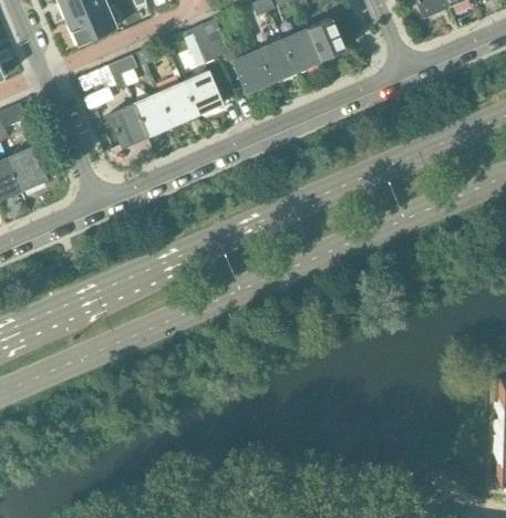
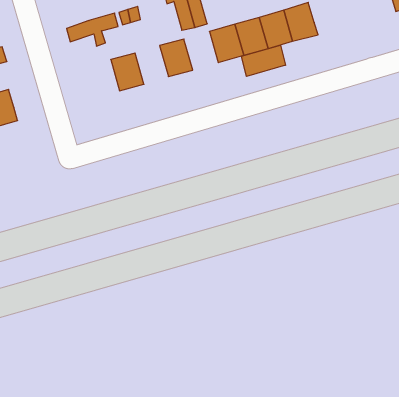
building: none -> [242,45,286,76]
building: [158,83,196,125] -> none
building: [109,104,147,146] -> none

